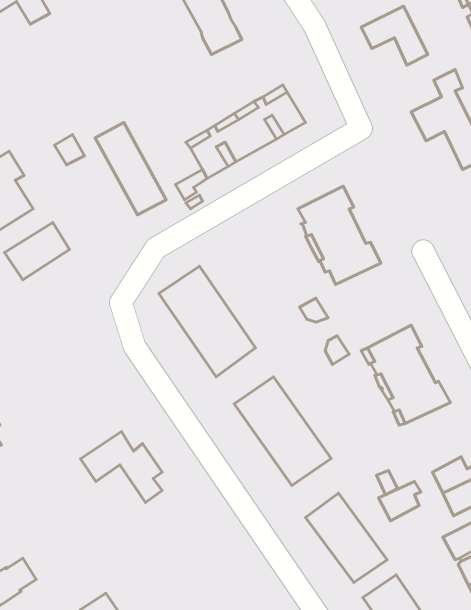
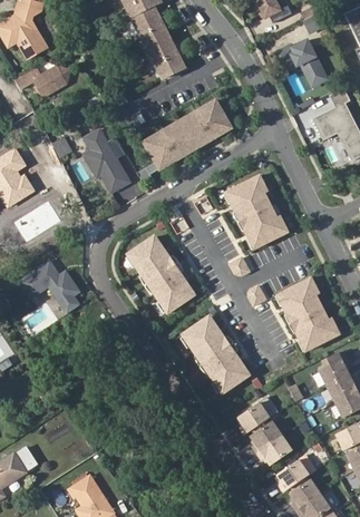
building: none -> [16,66,69,97]
building: [81,431,162,503] -> [19,262,79,314]
building: [378,481,421,521] -> [319,355,350,384]

